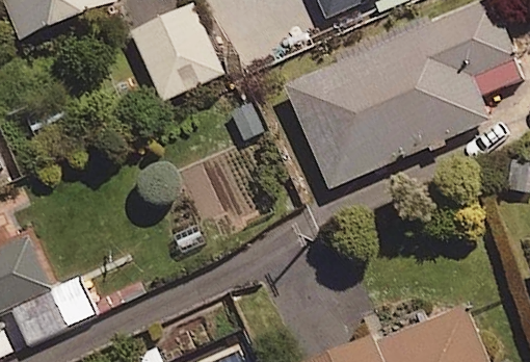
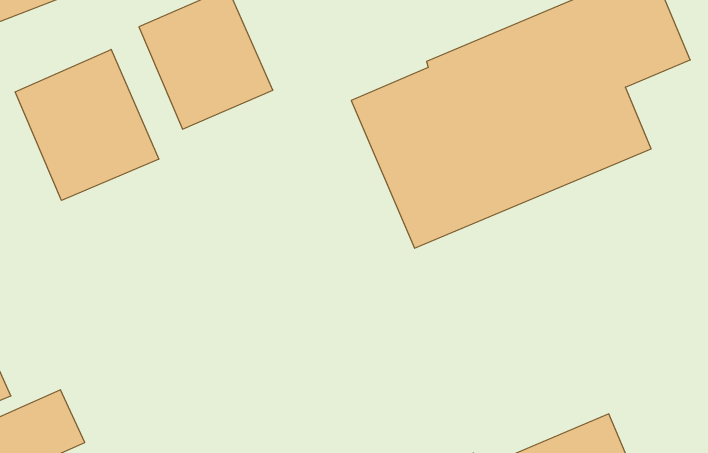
building: none -> [15,49,159,200]

